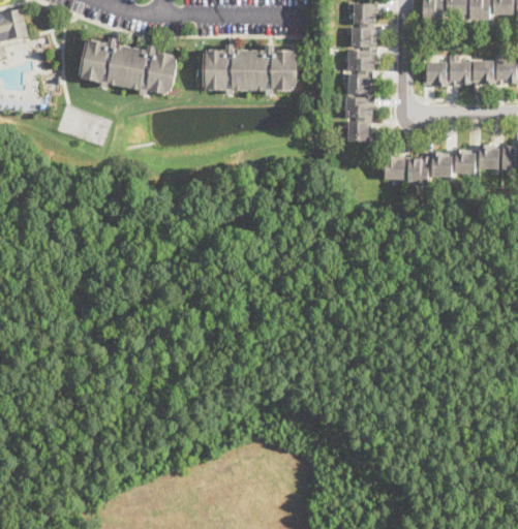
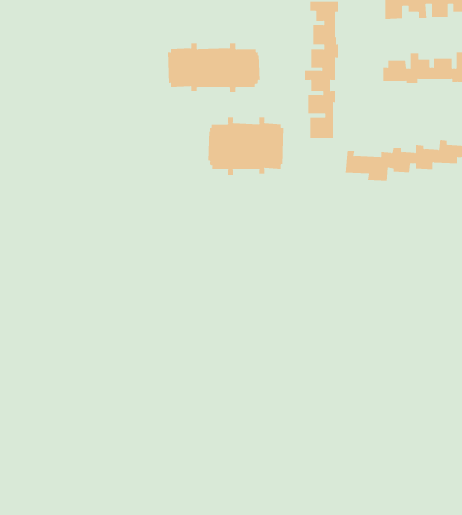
building: [79,38,177,95] -> none
building: none -> [208,116,284,176]

